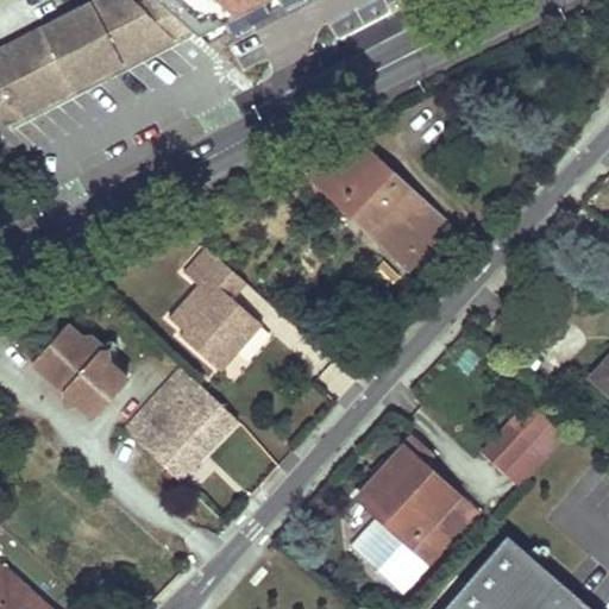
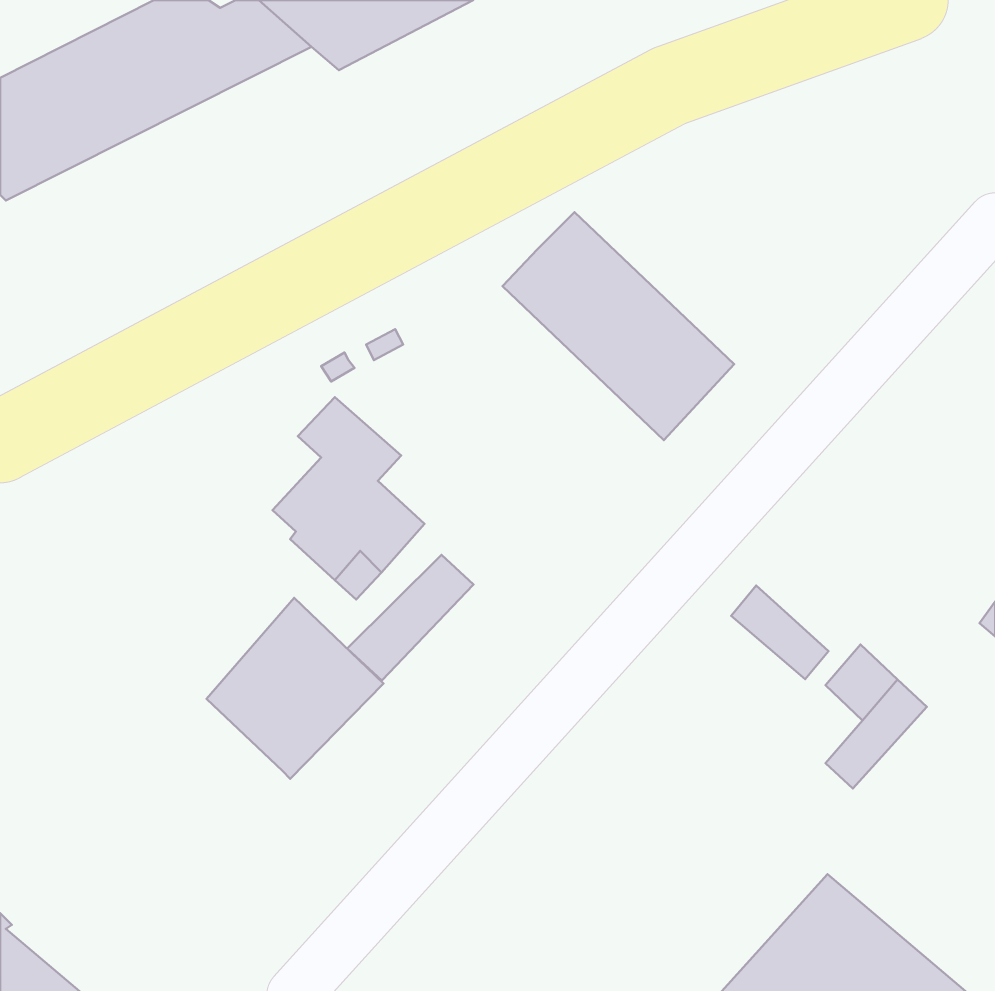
building: [31,322,126,417] -> none
building: none -> [347,555,474,681]
building: none -> [731,586,829,679]
building: [350,438,473,594] -> none

